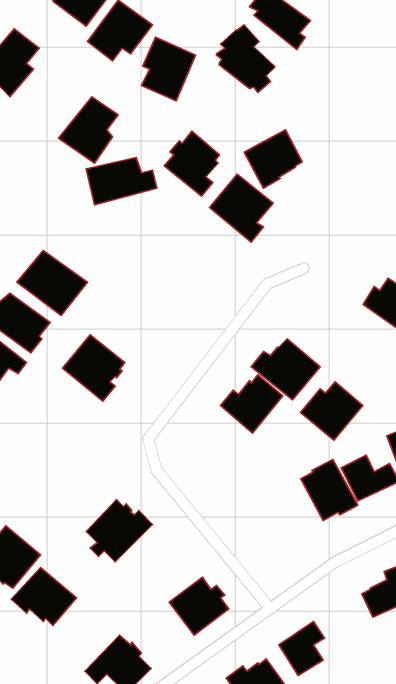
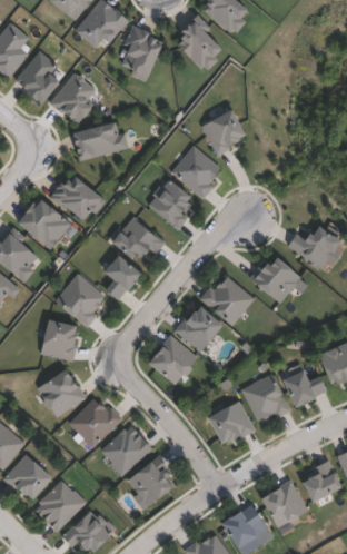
building: none -> [17,52,63,106]
building: [164,131,220,196] -> [147,169,191,221]
building: none -> [52,179,108,224]
building: none -> [109,214,159,255]
building: none -> [100,251,139,297]
building: [301,382,363,440] -> [256,261,306,308]
building: none -> [41,323,78,366]
building: none -> [157,333,204,383]
building: none -> [48,374,96,422]
building: none -> [217,399,260,441]
building: none -> [111,431,162,482]
building: none -> [266,477,305,524]
building: none -> [46,484,97,536]

